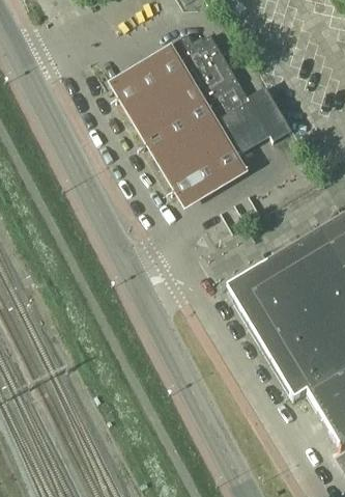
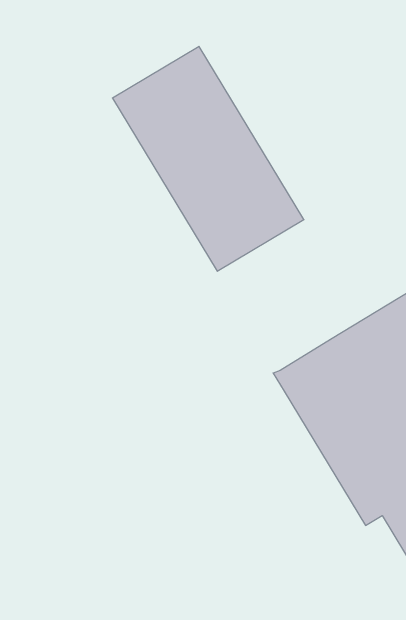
building: [174,30,292,150] -> none

